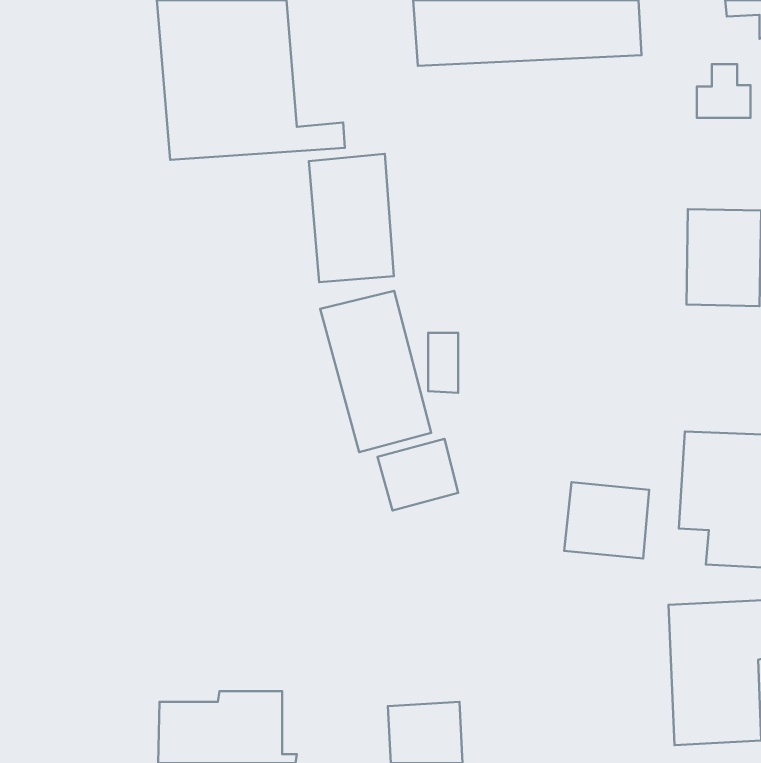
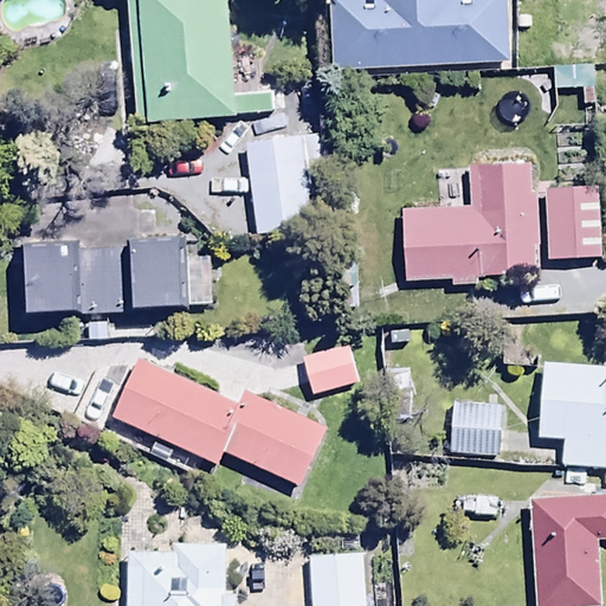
building: none -> [404,140,541,263]
building: [320,291,431,452] -> none
building: none -> [27,243,185,321]
building: none -> [114,362,329,489]

